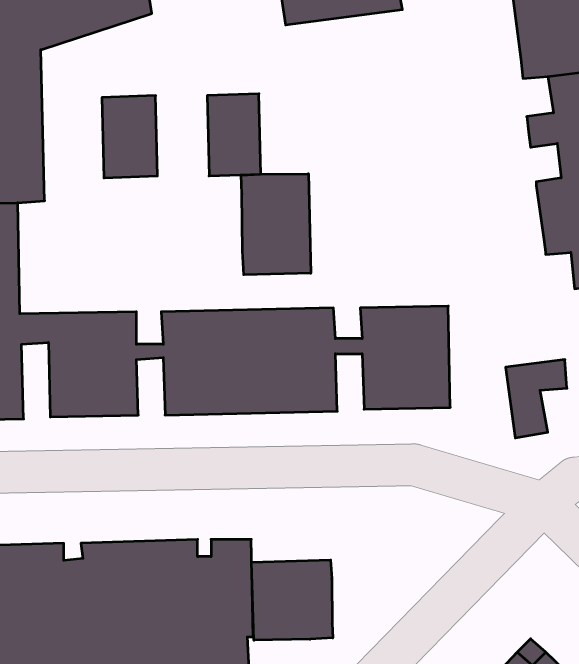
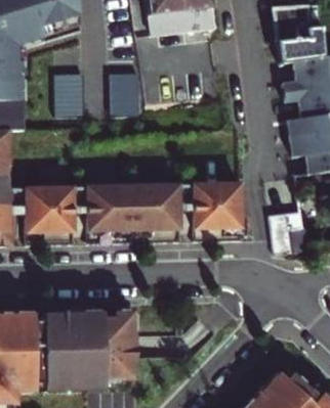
building: [241,174,311,275] -> none
building: [252,560,333,640] -> none

